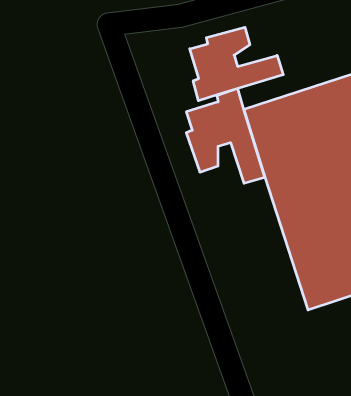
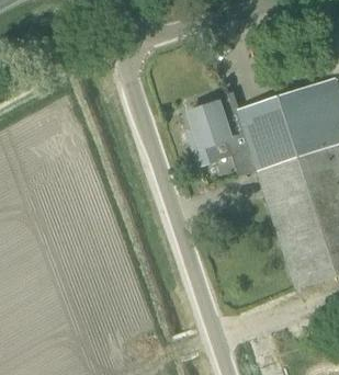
building: [190,27,283,101] -> none

